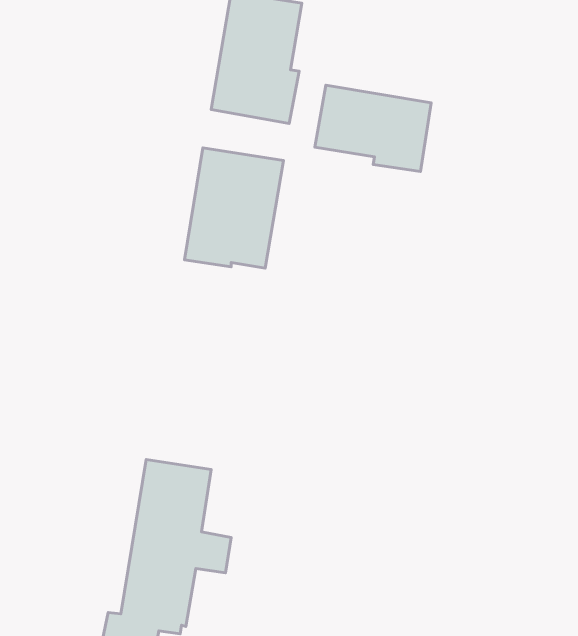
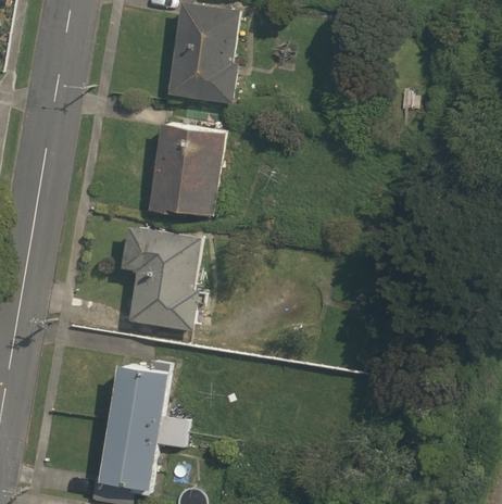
building: [315,85,431,171] -> none
building: none -> [123,225,200,328]

